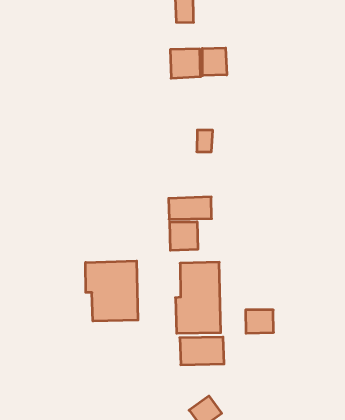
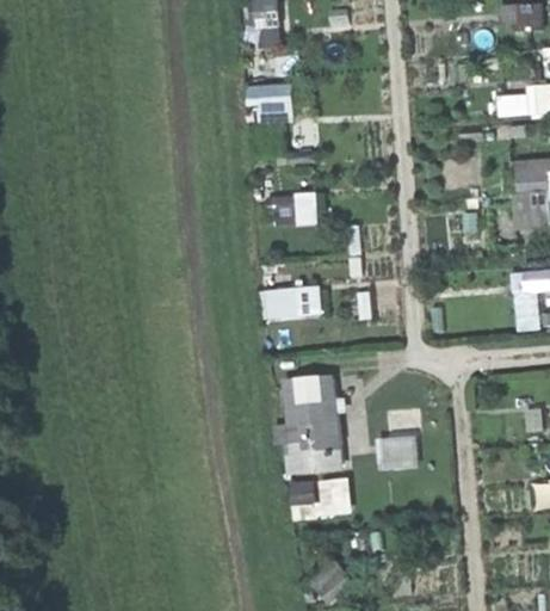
building: [202,48,227,76] -> none
building: [170,222,198,250] -> none
building: [86,261,138,321] -> none

